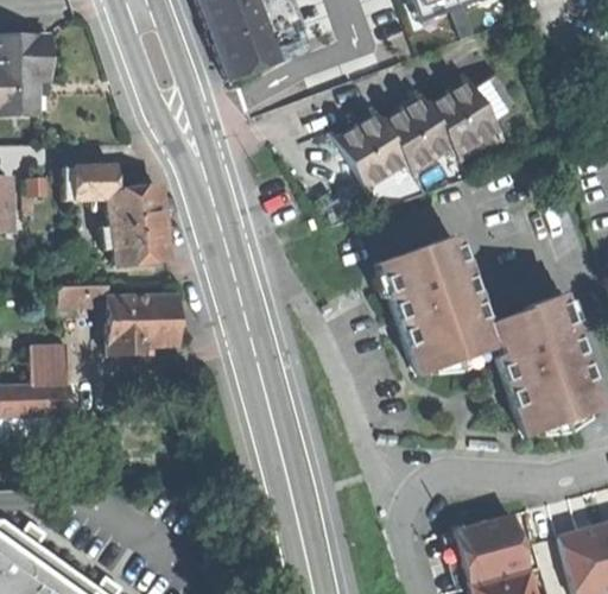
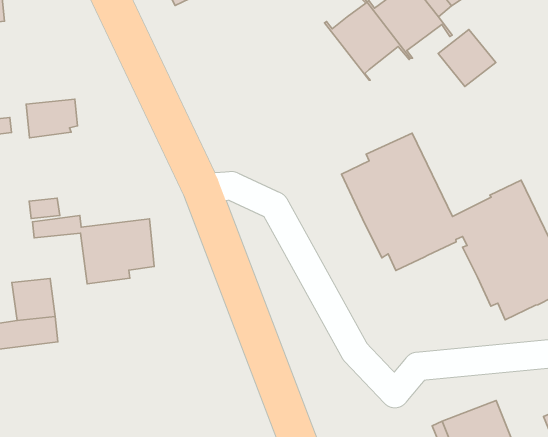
building: [331,107,417,196] -> none
building: none -> [438,30,496,86]
building: [108,188,171,265] -> none

